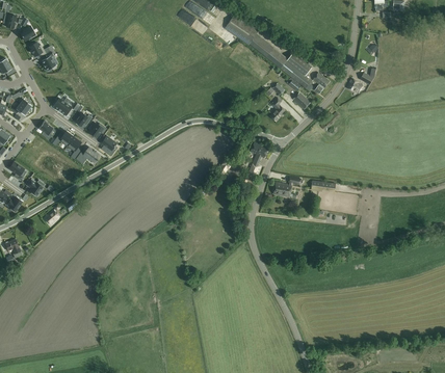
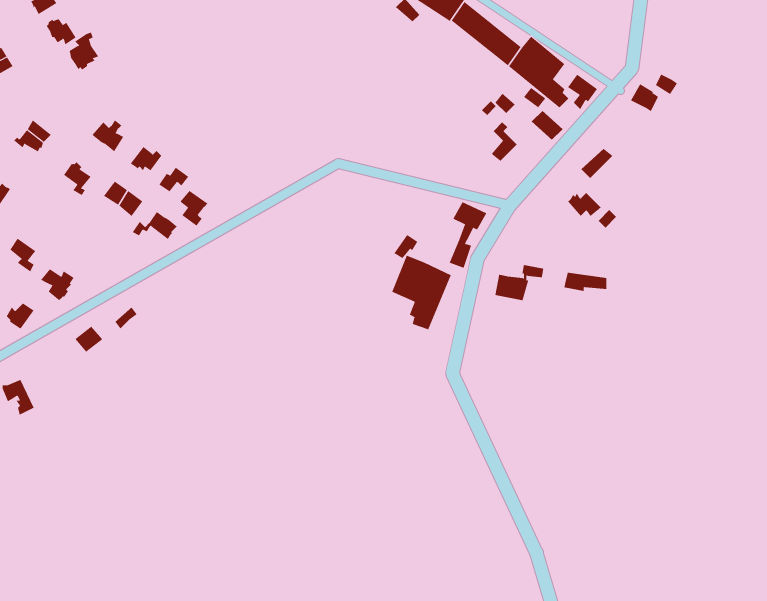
building: none -> [392,255,452,330]

